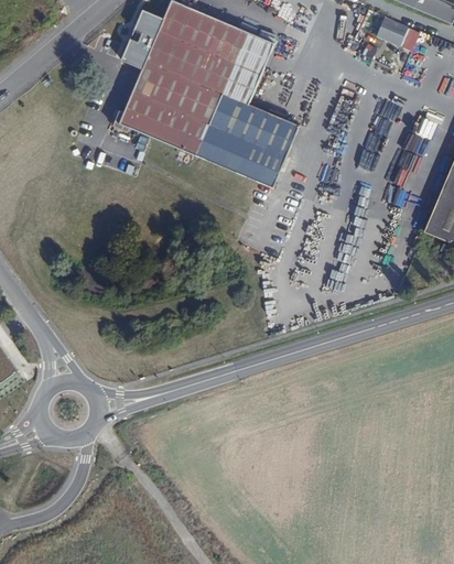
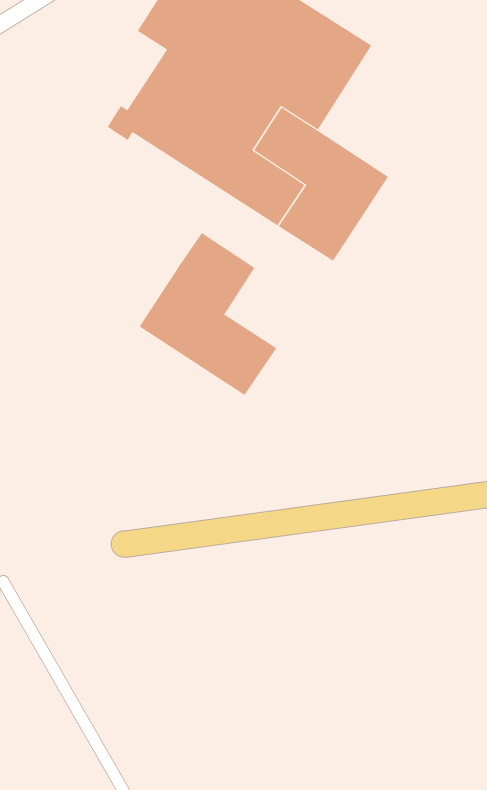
building: none -> [139,232,277,396]

